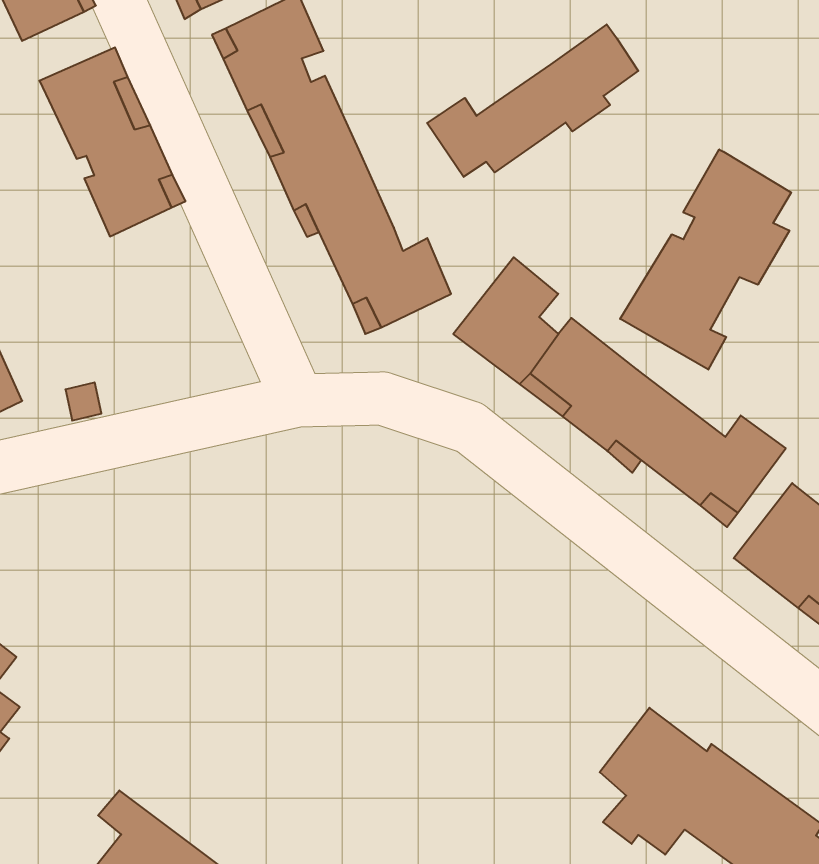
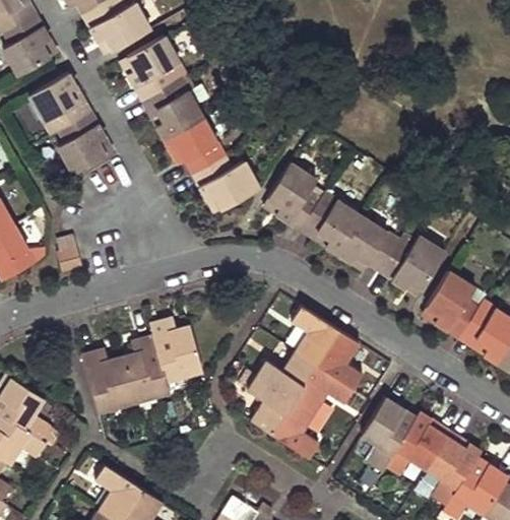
building: [427,24,638,177] -> none
building: [620,149,791,370] -> none
building: none -> [81,316,203,412]
building: none -> [247,306,363,457]

